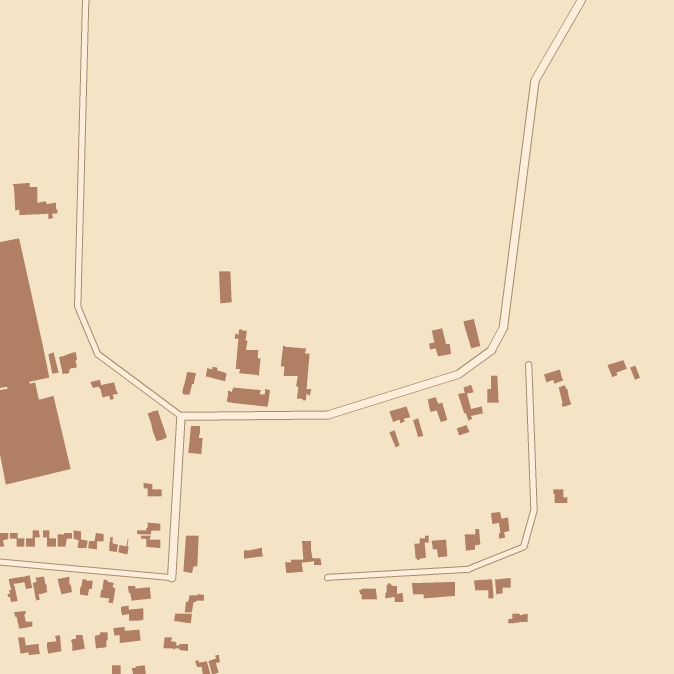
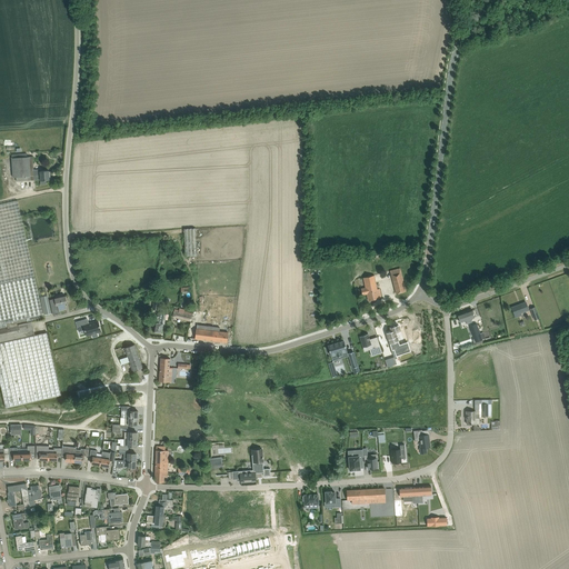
building: [234,328,261,377] -> none
building: [280,344,312,401] -> none

